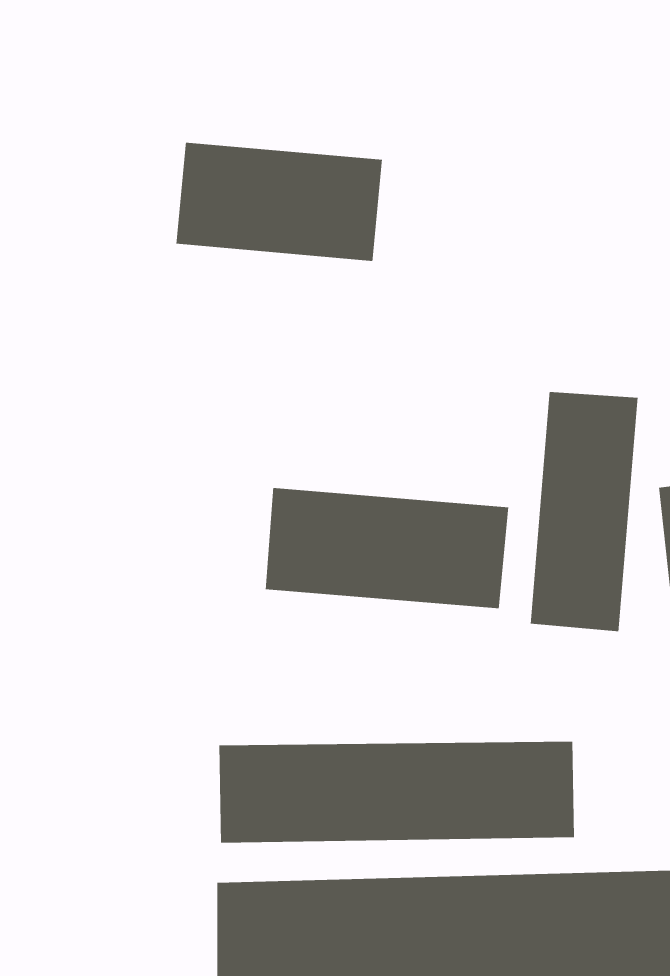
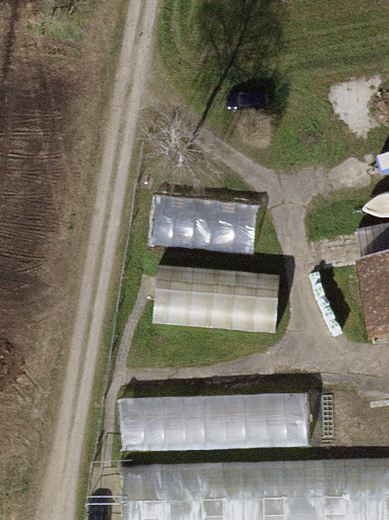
building: [176,142,383,262] -> [148,193,257,256]
building: [530,391,639,632] -> none

